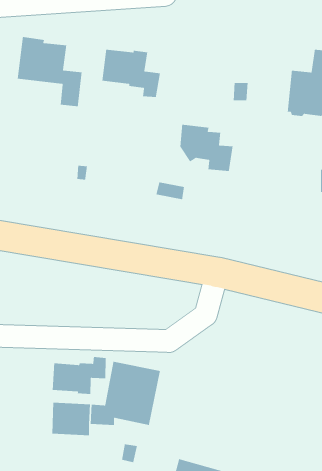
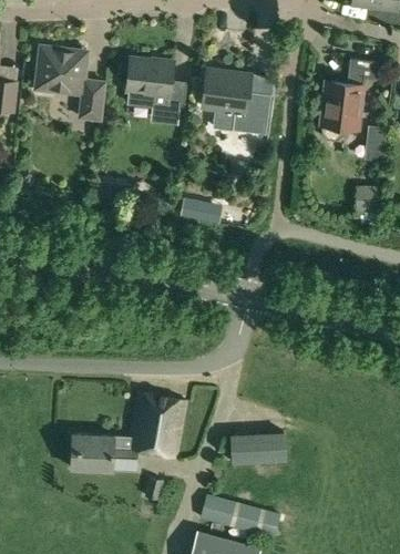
building: [179,124,234,172] -> [205,71,263,122]
building: [52,356,106,395] -> none
building: none -> [230,431,287,462]

